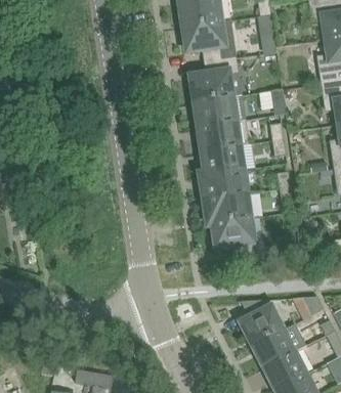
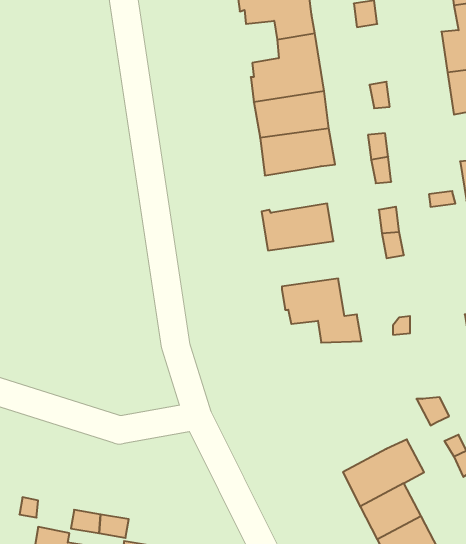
building: [201,140,242,171] -> none
building: [203,189,249,221] -> none
building: [240,303,281,341] -> none

